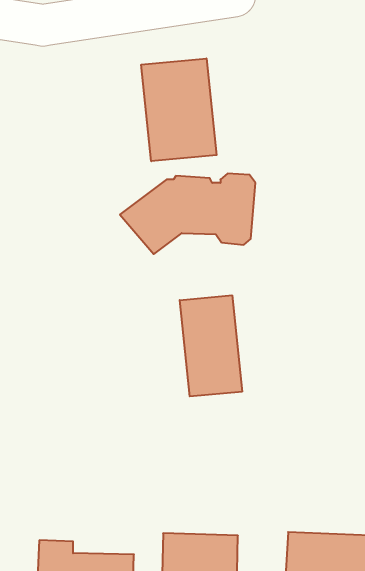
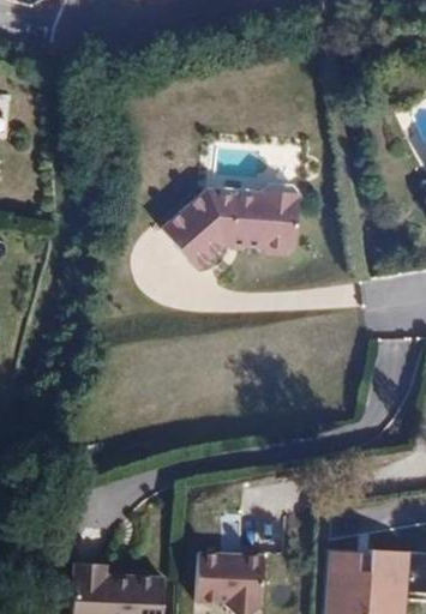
building: [141,58,217,161] -> none
building: [180,295,242,396] -> none

